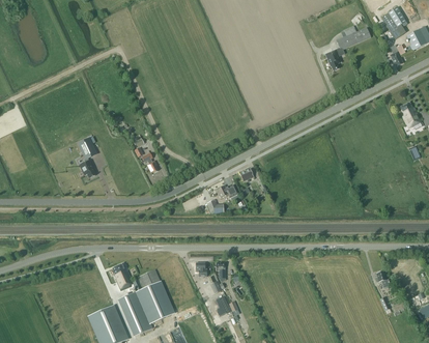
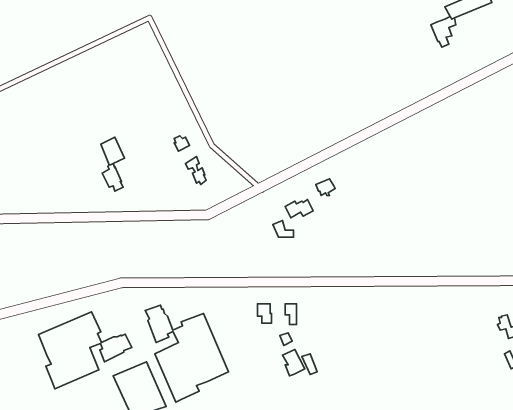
building: none -> [39,312,132,389]

